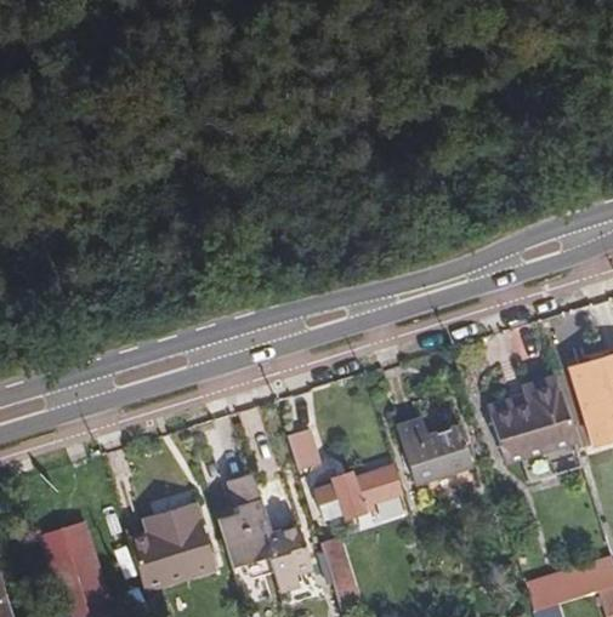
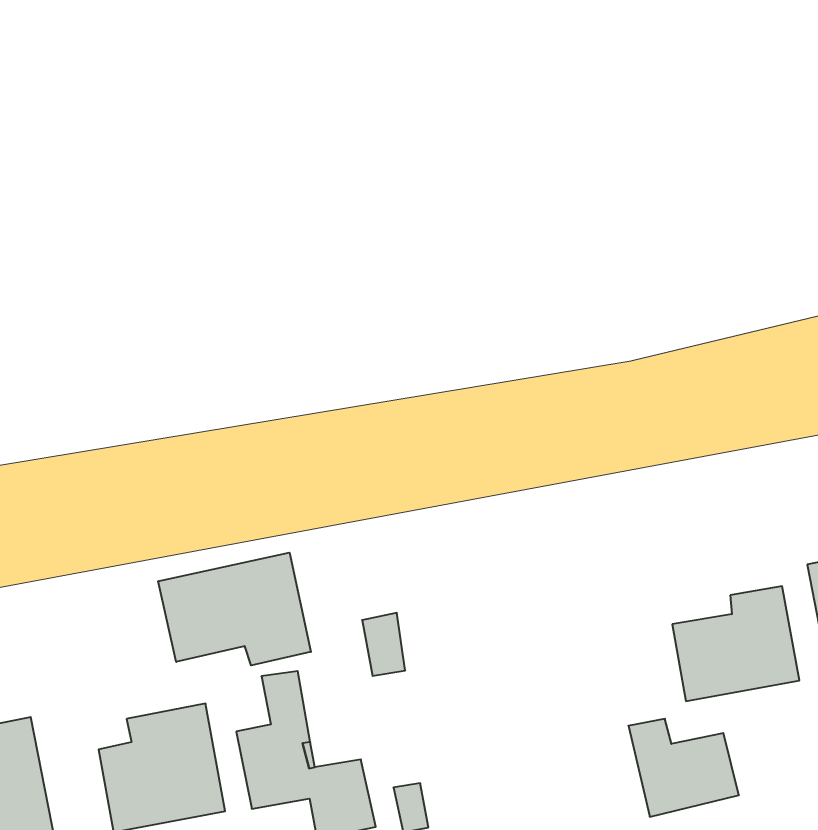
building: none -> [158,553,311,665]
building: [393,418,470,482] -> [628,719,739,817]
building: [313,465,398,518] -> none

